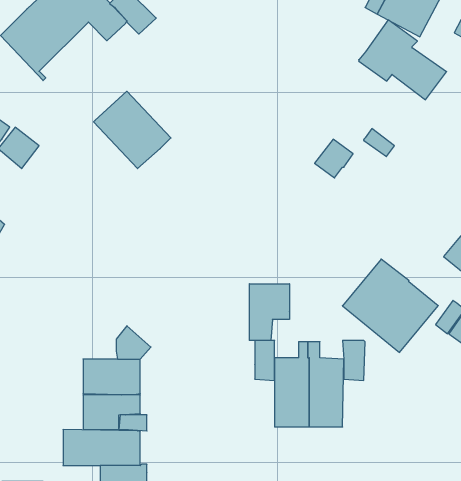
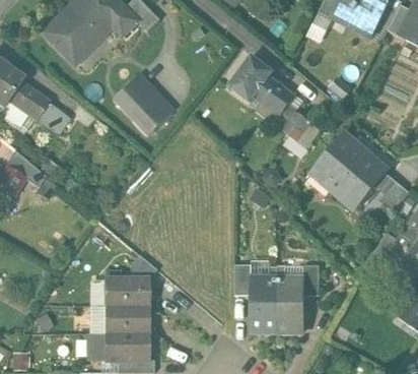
building: [359,20,447,100] -> [228,55,295,116]
building: [342,259,438,352] -> [315,133,388,204]
building: [249,284,289,340] -> none

